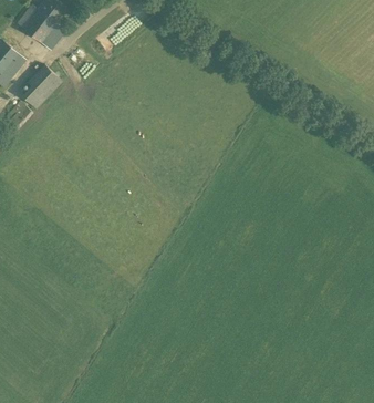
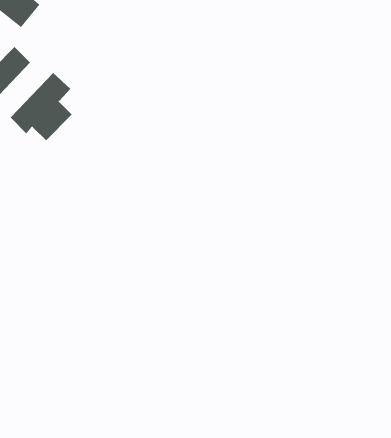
building: none -> [10,72,72,141]

